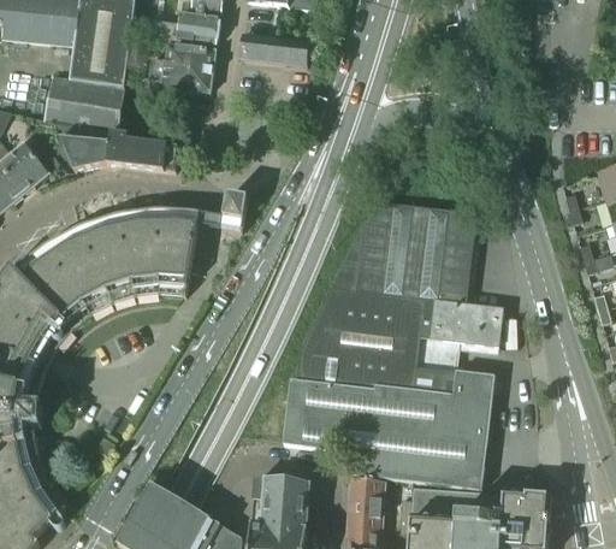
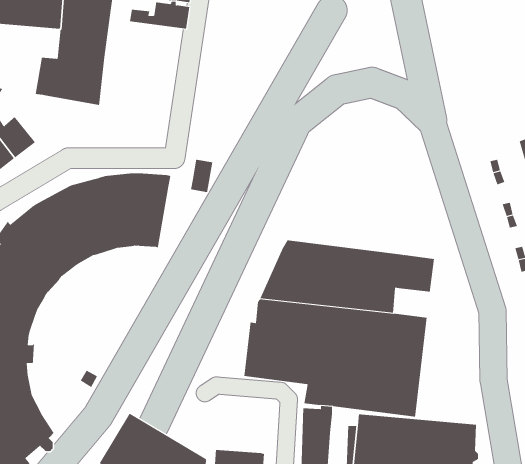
building: [239,33,308,66] -> none
building: [149,43,215,92] -> none
building: [51,119,178,170] -> none
building: [331,202,474,302] -> none
building: [249,479,306,530] -> none

